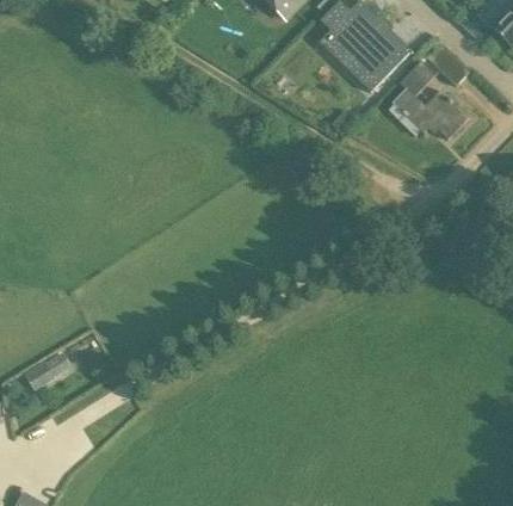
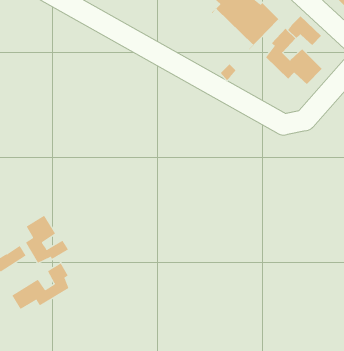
building: none -> [25,215,69,263]
building: none -> [12,262,69,310]

